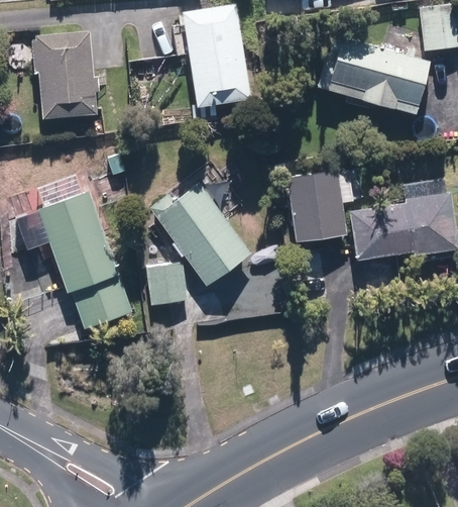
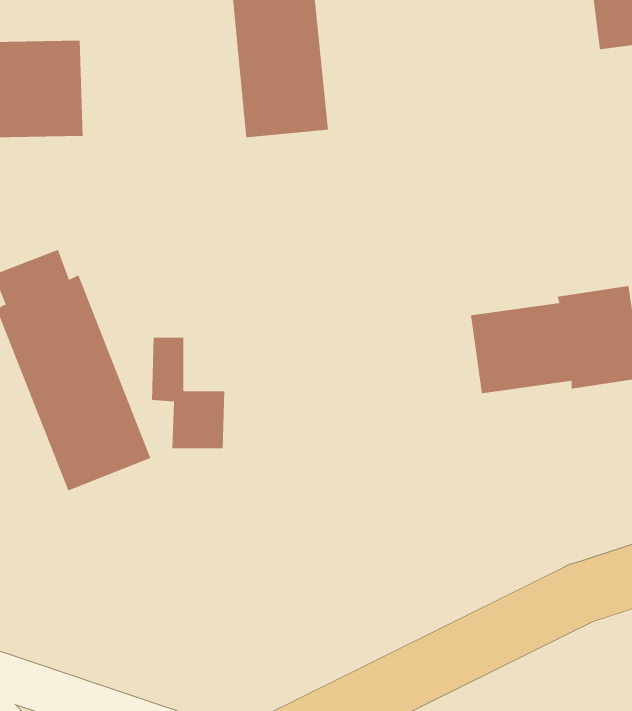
building: [318,30,427,114] -> none
building: [279,178,337,249] -> none
building: [157,188,247,281] -> none

